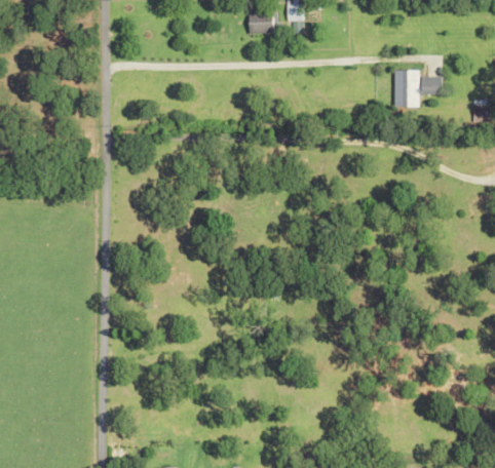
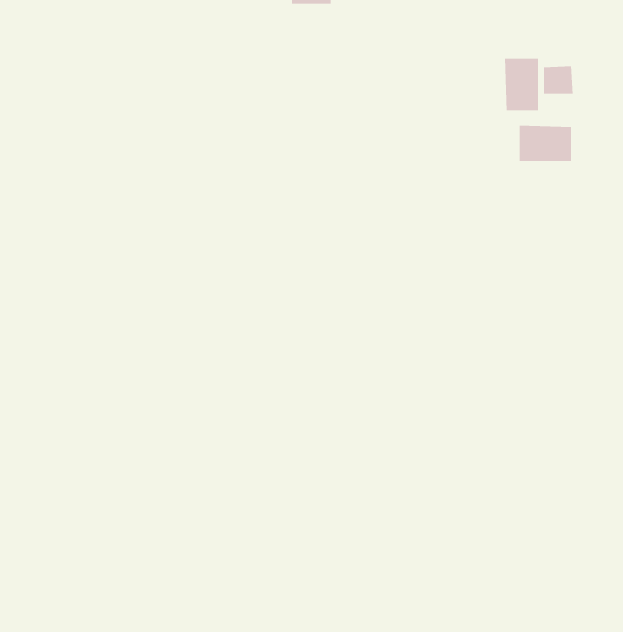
building: none -> [519,125,571,162]

